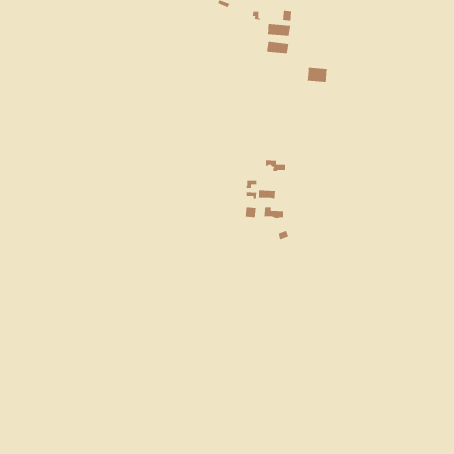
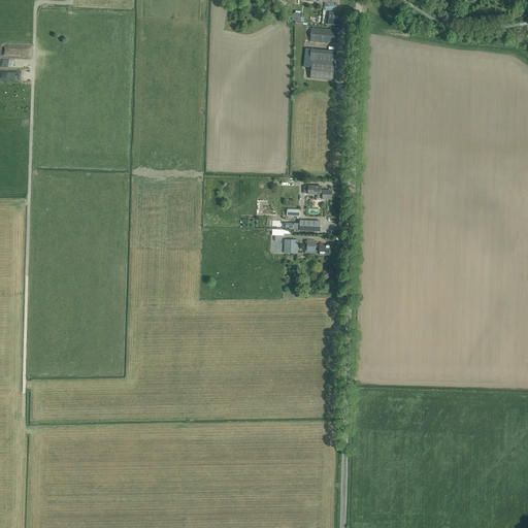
building: [307,67,327,83] -> [309,61,333,79]

